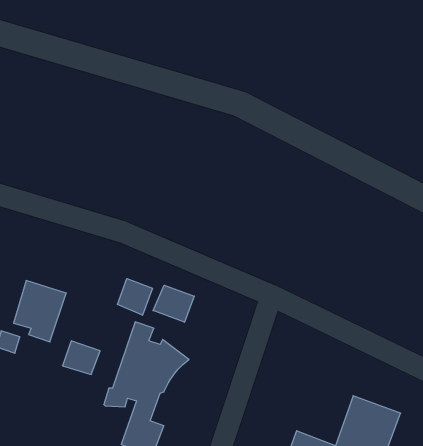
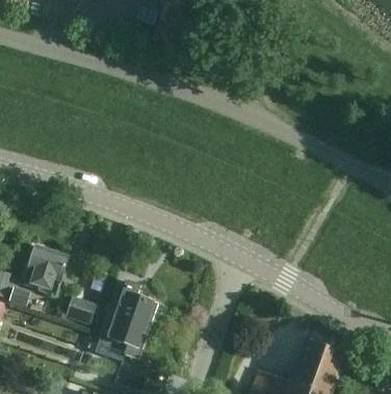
building: [117,279,153,315] -> none
building: [153,285,194,322] -> none

